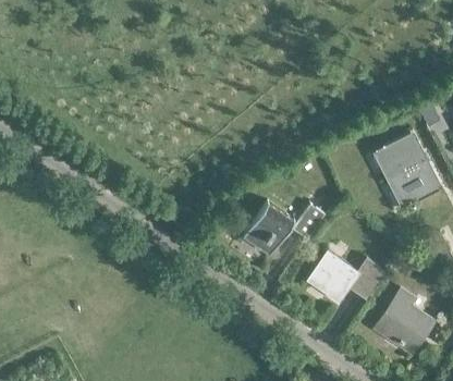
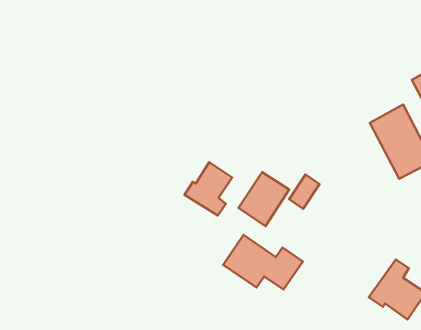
building: none -> [185,162,232,216]
building: [306,249,387,305] -> [223,235,303,290]

